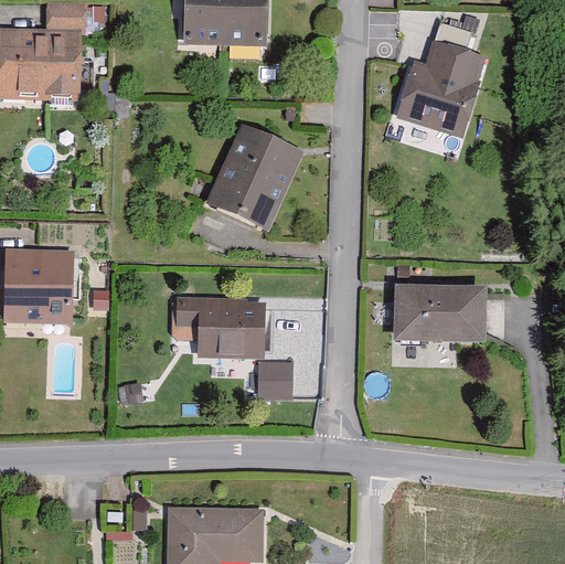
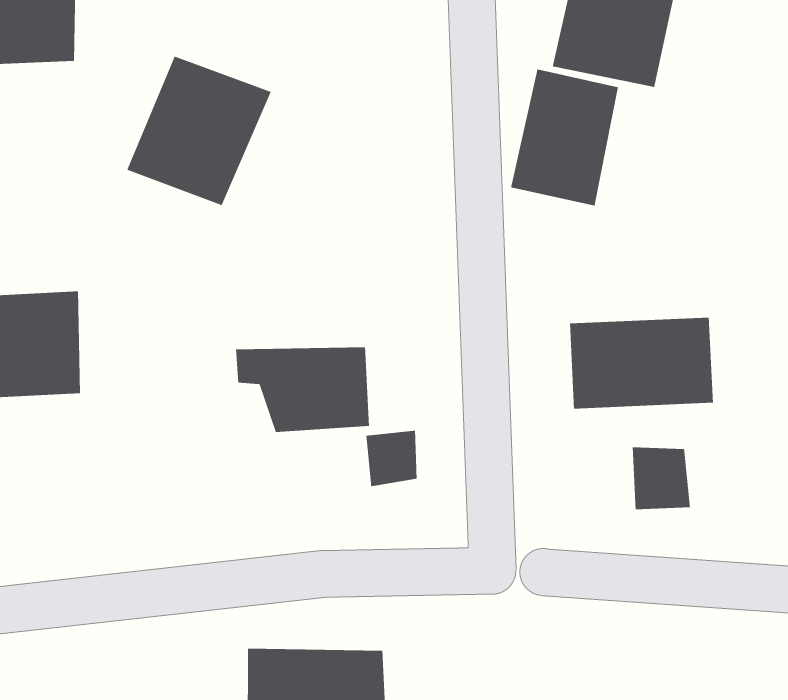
building: none -> [510,69,619,207]
building: [200,125,301,228] -> [126,55,272,206]
building: none -> [632,447,691,510]

